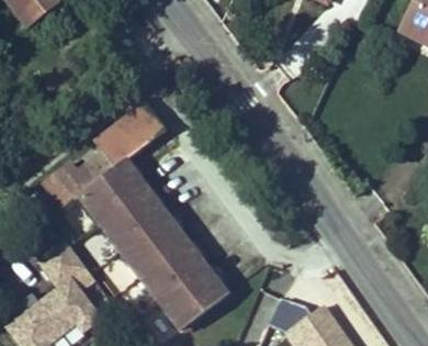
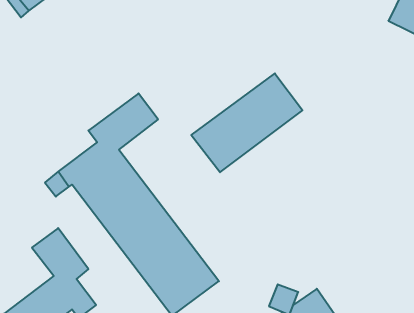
building: none -> [191,73,302,172]

